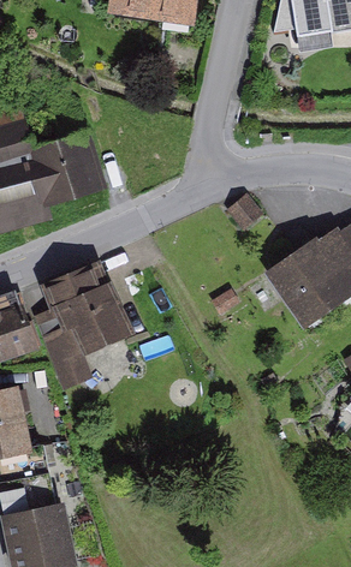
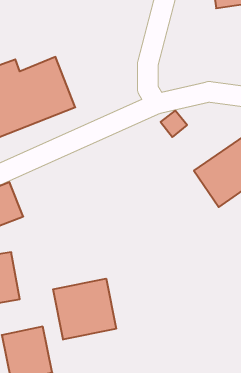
building: [32,269,130,390] -> none
building: none -> [53,279,116,340]

